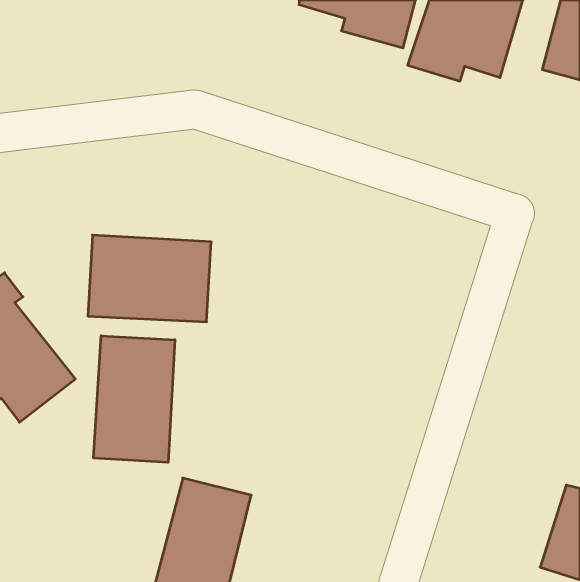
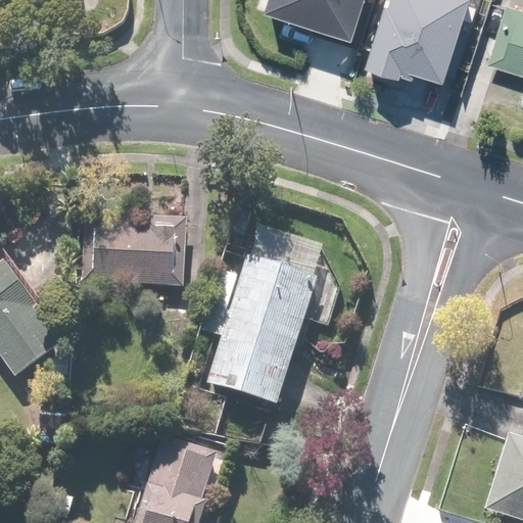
building: none -> [202,210,340,403]
building: [94,336,175,462] -> none

